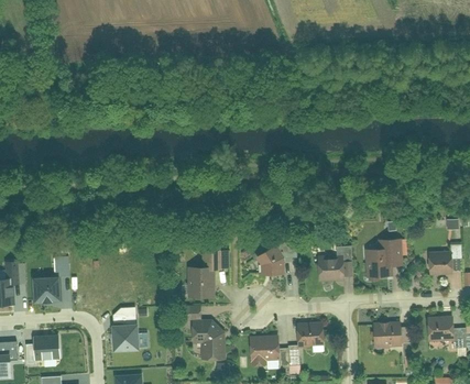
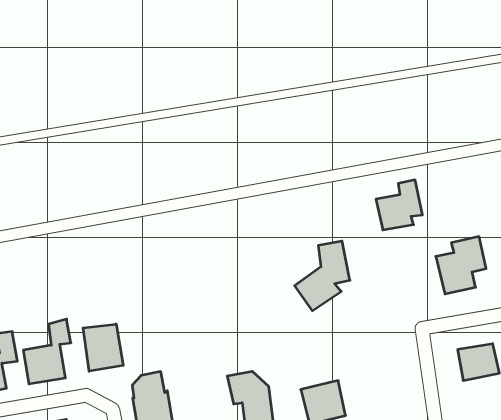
building: [315,245,349,281] -> [376,180,422,230]
building: [185,246,226,297] -> none
building: none -> [83,324,123,371]
building: [294,320,319,348] -> none

